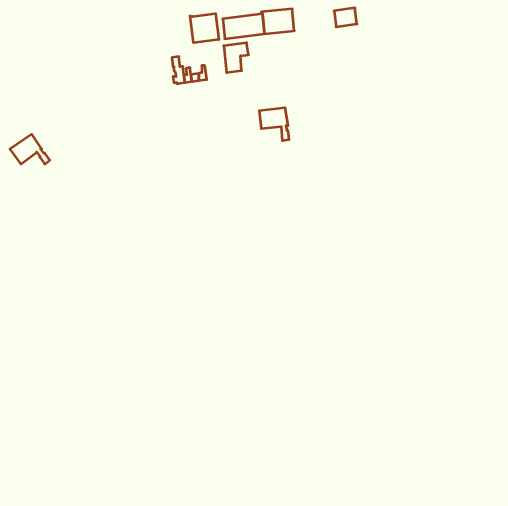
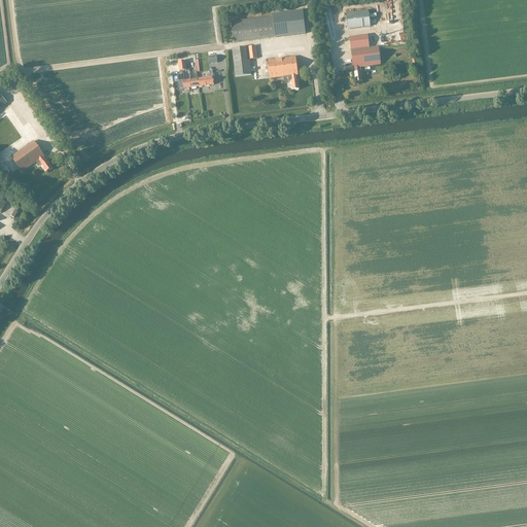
building: [190,14,219,43] -> none
building: none -> [349,33,380,80]
building: [259,108,289,141] -> [268,55,298,89]

